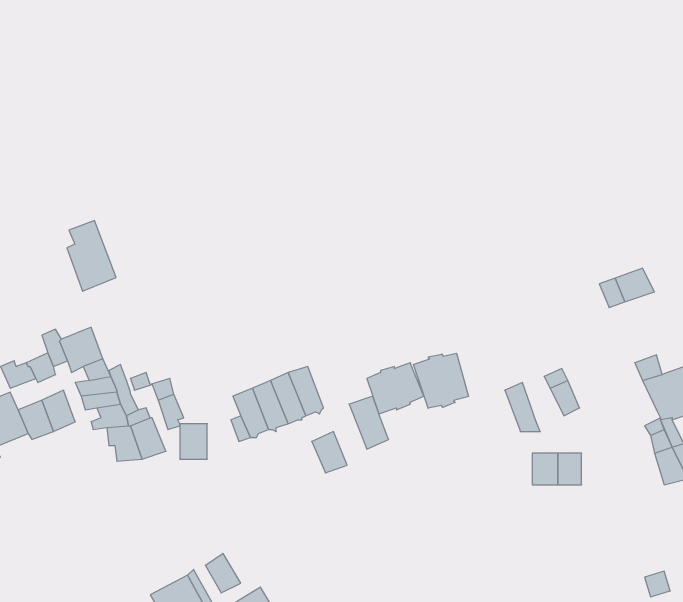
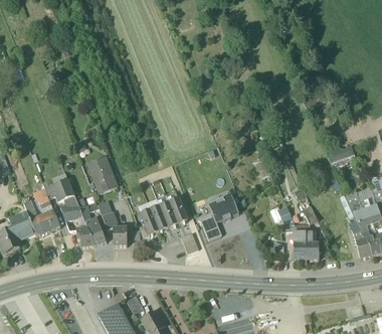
building: [67,220,116,291] -> [90,157,116,193]
building: [413,353,468,408] -> none

